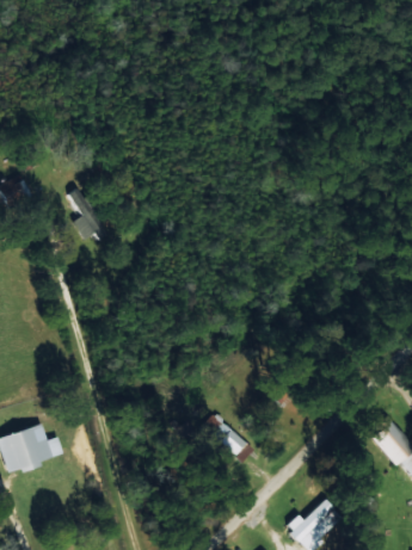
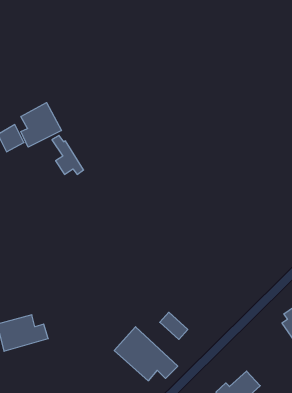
building: none -> [21,103,61,147]
building: none -> [114,327,178,381]

